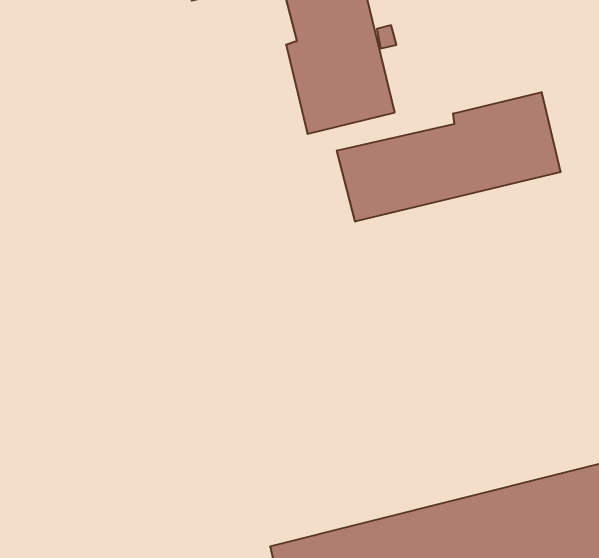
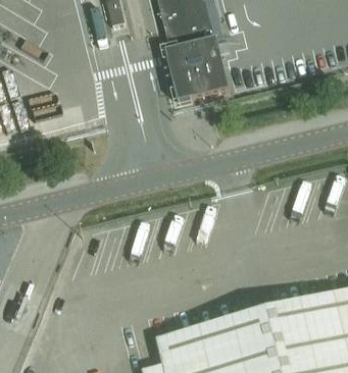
building: [337,92,561,222] -> none

